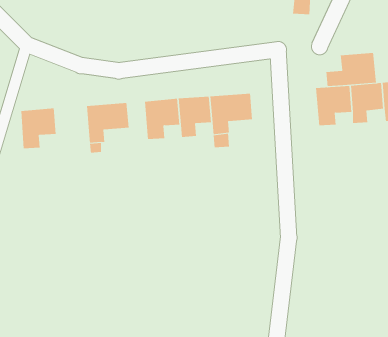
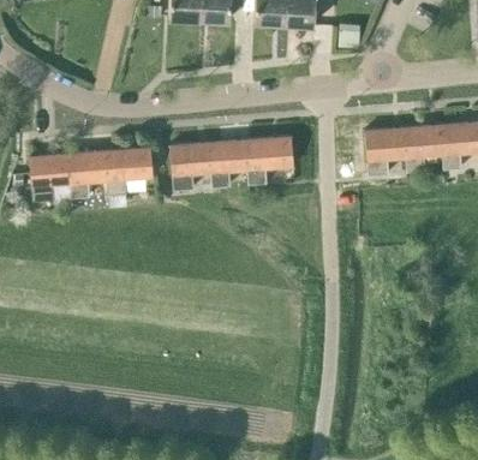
building: [326,52,377,87] -> none
building: none -> [68,151,107,198]

